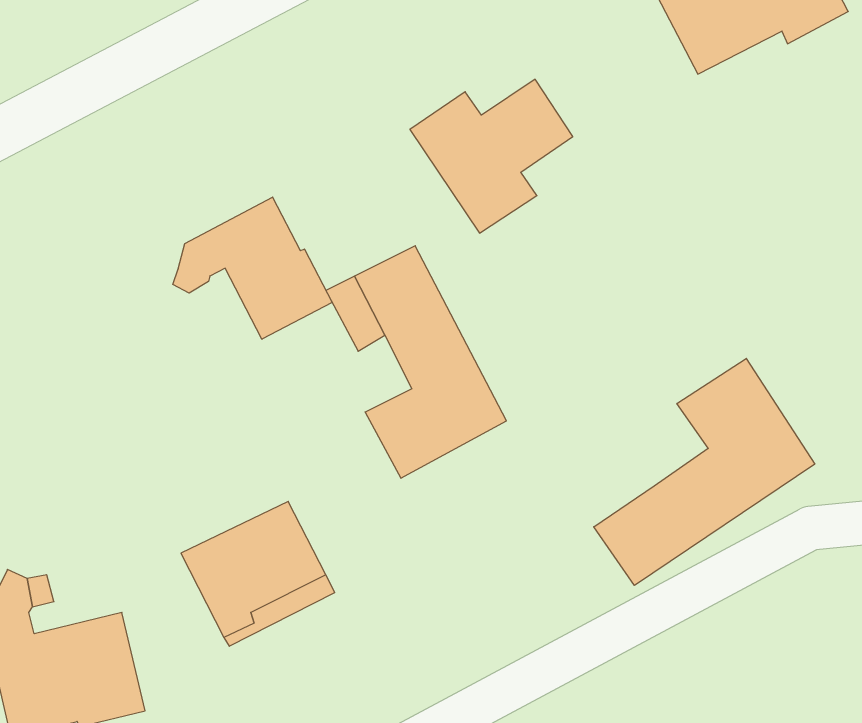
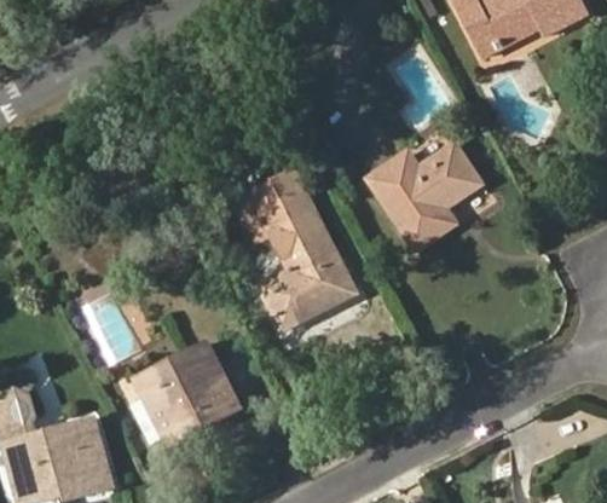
building: [410,79,573,233] -> [370,144,480,248]
building: [173,197,332,339] -> none
building: [594,358,815,585] -> none

